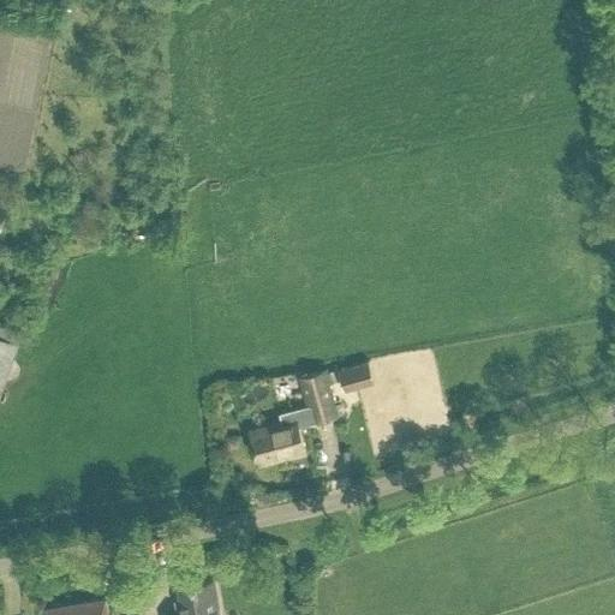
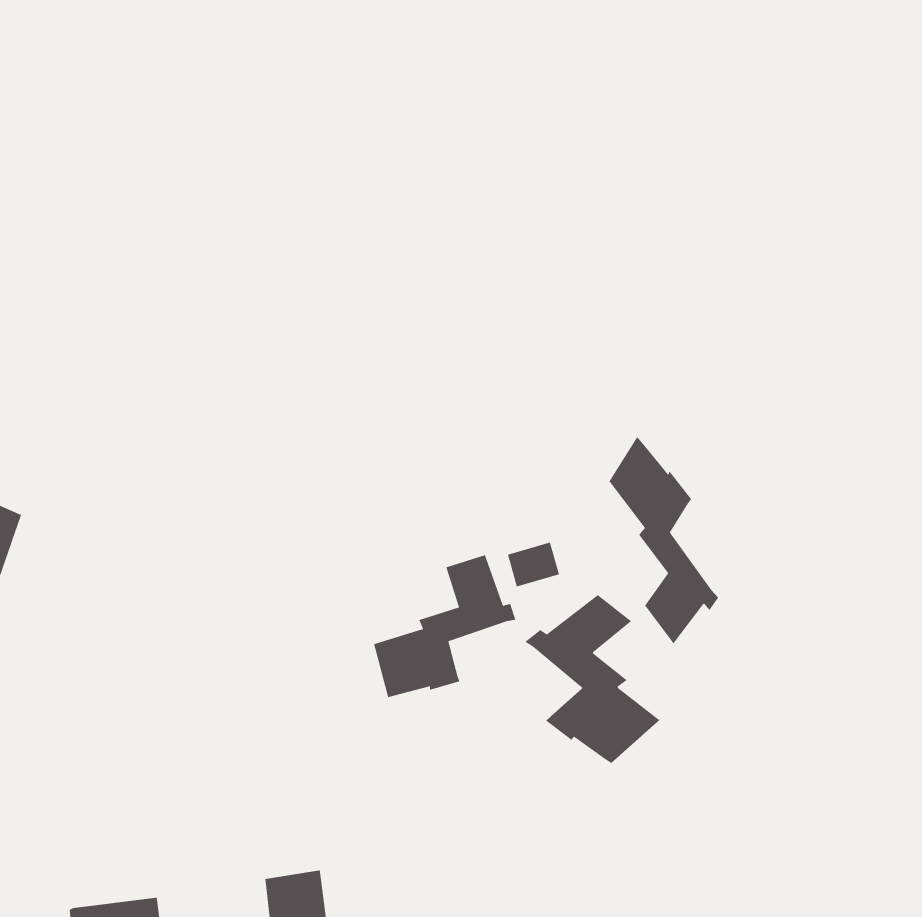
building: none -> [609,436,719,644]
building: none -> [524,594,661,764]

